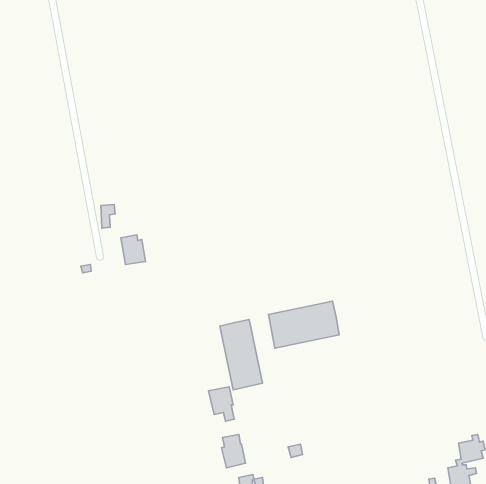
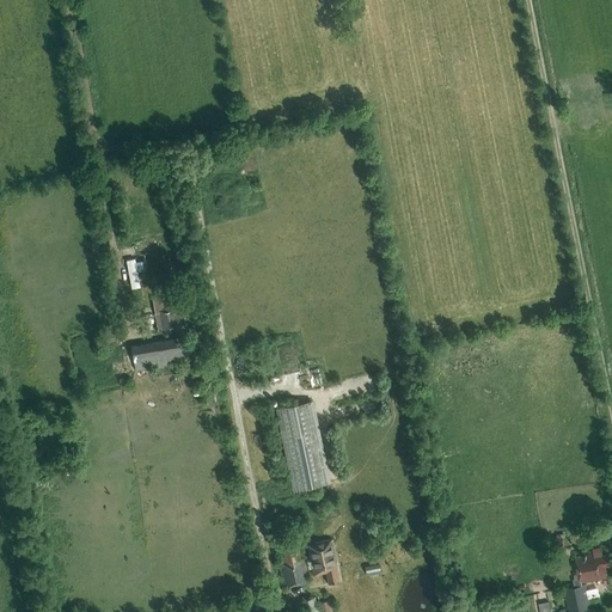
building: none -> [130,338,203,372]
building: [268,301,339,348] -> none
building: [208,387,234,421] -> [306,541,338,585]

